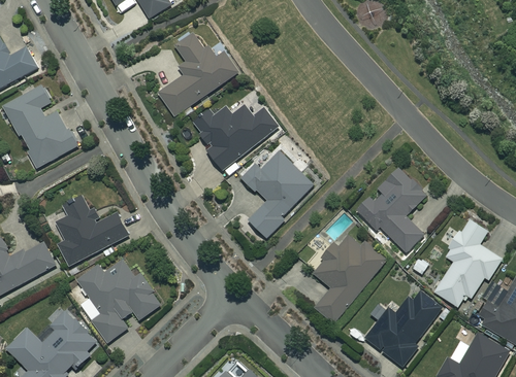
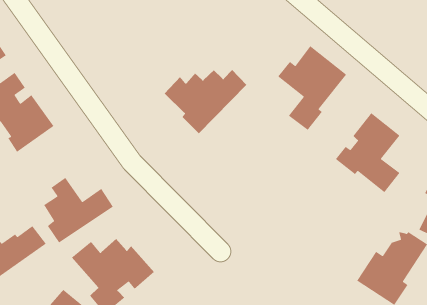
building: [158,33,236,114] -> none
building: [241,150,313,237] -> [277,45,347,131]
building: [313,235,385,322] -> none

